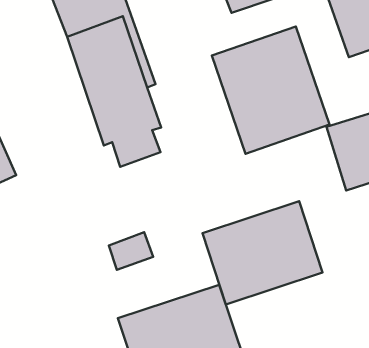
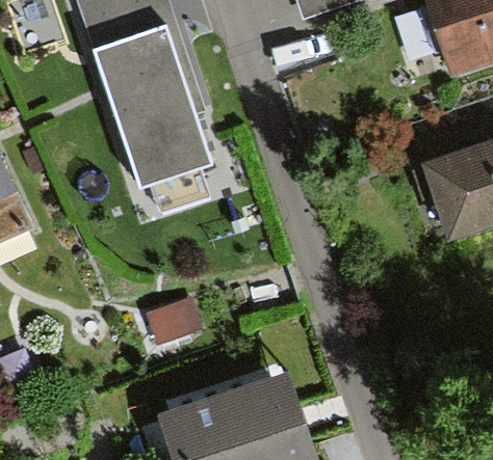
building: [212,27,330,154] -> none
building: [203,201,323,304] -> none

